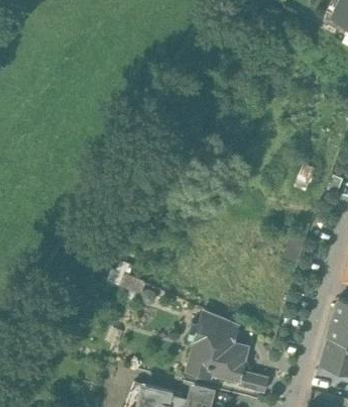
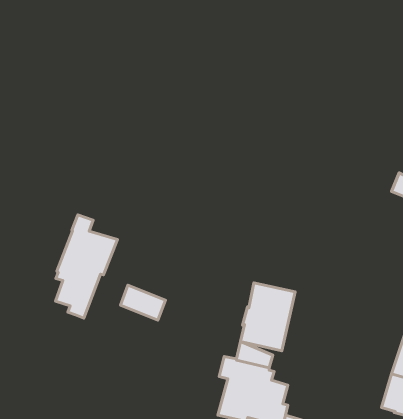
building: none -> [56,215,118,318]
building: none -> [240,283,295,351]

